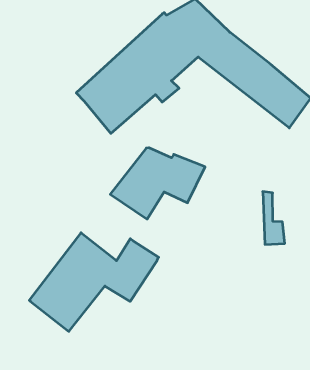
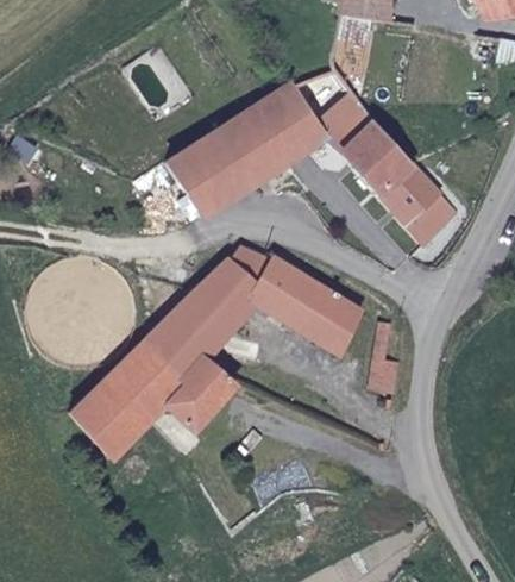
building: none -> [284,279,365,353]
building: none -> [145,295,231,380]

